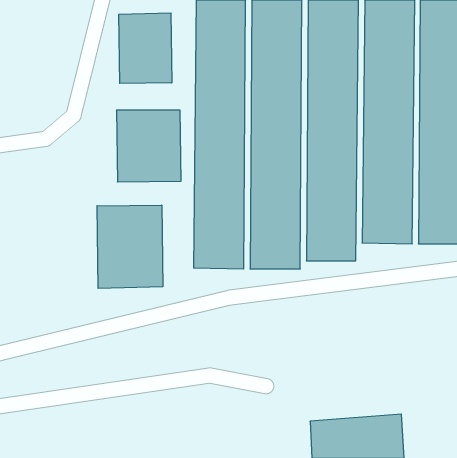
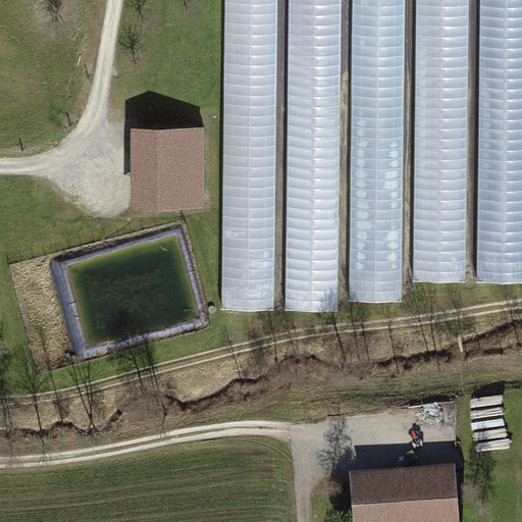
building: [119,13,172,83] -> none
building: [97,205,163,288] -> none

